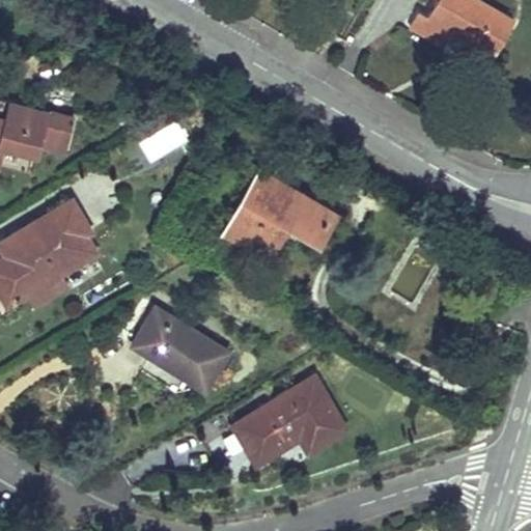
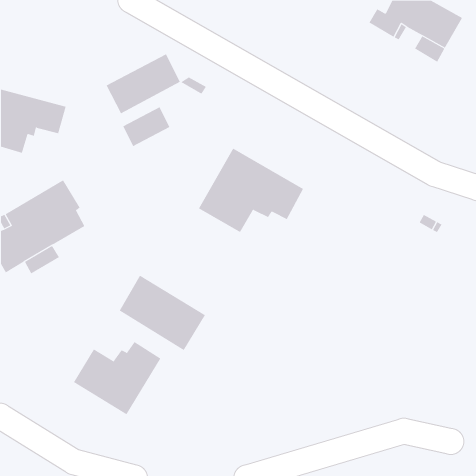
building: none -> [106,54,180,114]
building: [203,378,344,468] -> none
building: none -> [73,341,161,415]

